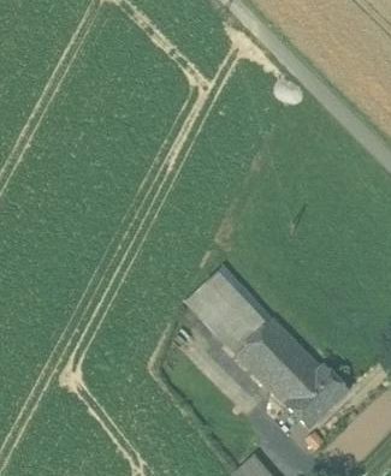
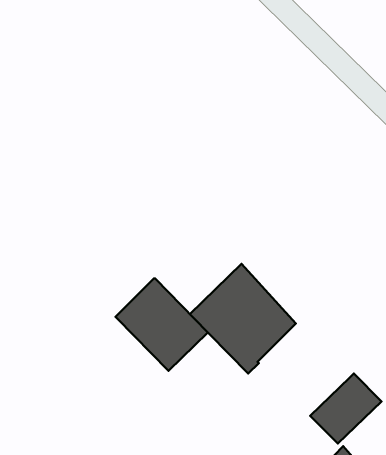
building: [238,320,322,404] -> [115,278,208,371]

